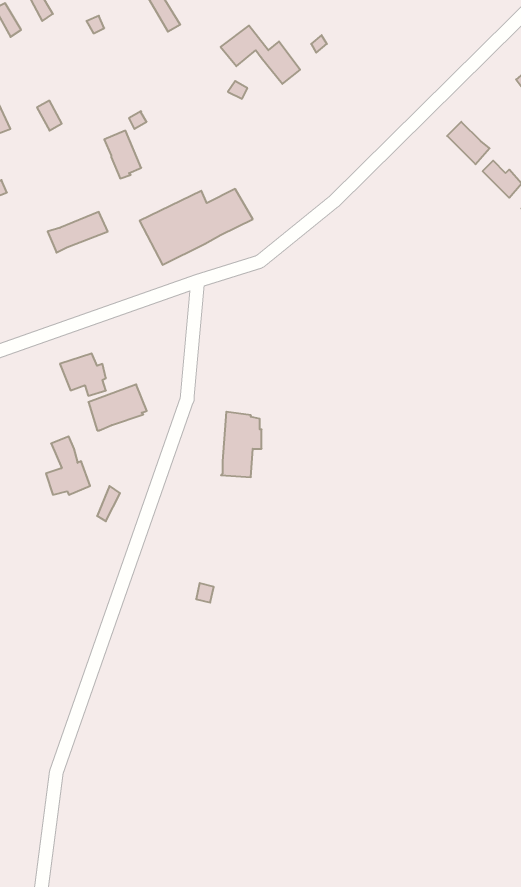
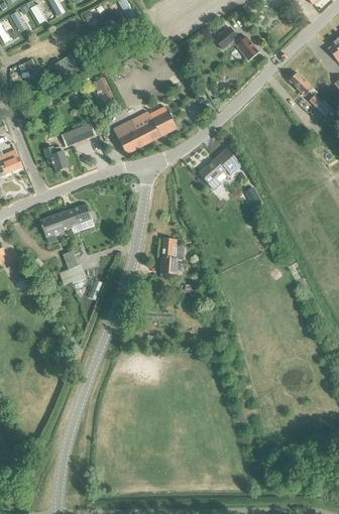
building: [221,26,300,84] -> [213,26,258,59]
building: none -> [43,145,69,170]
building: none -> [199,147,241,189]
building: [88,384,147,430] -> [40,210,74,236]

